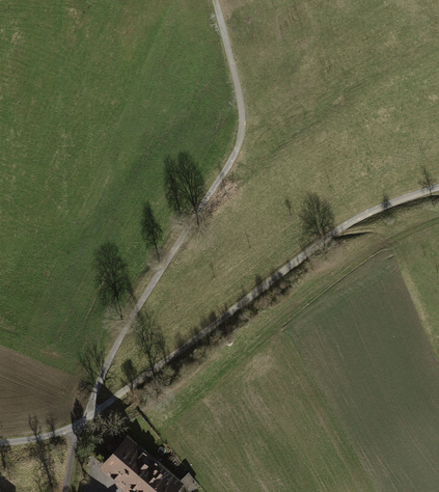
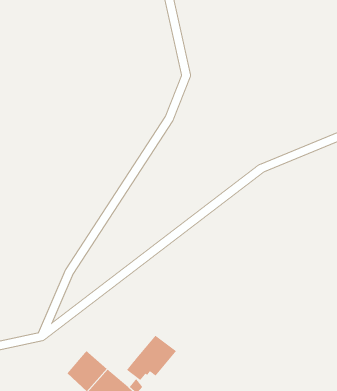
building: none -> [126,335,177,381]

